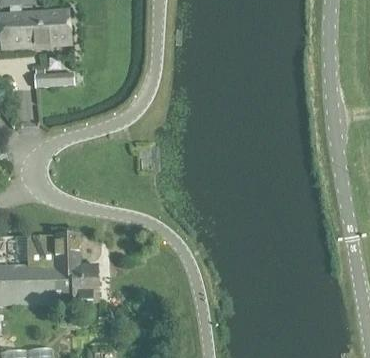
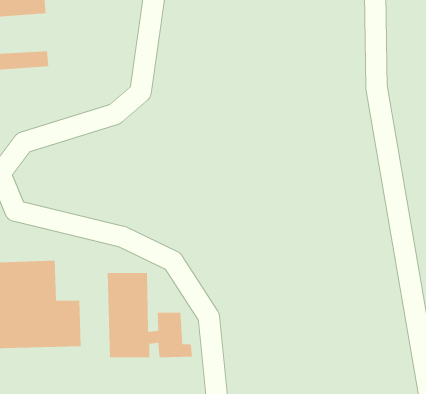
building: none -> [107,272,192,358]

